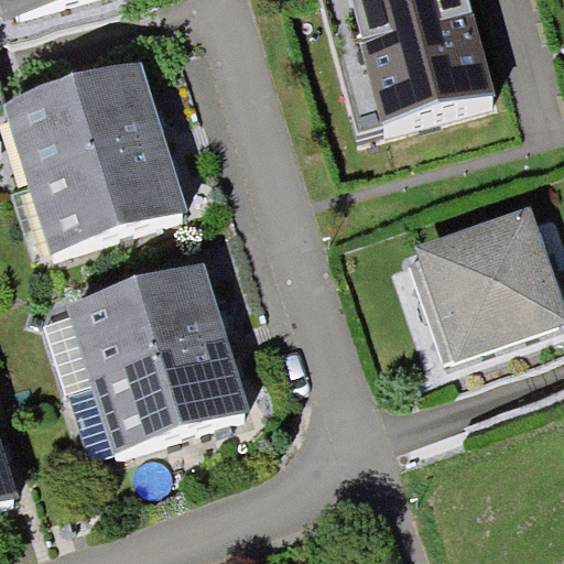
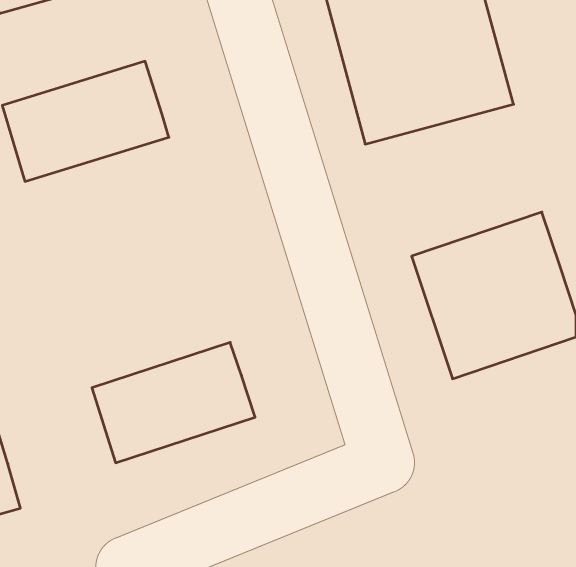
building: [24,133,186,251] -> none
building: [65,259,224,377] -> none

